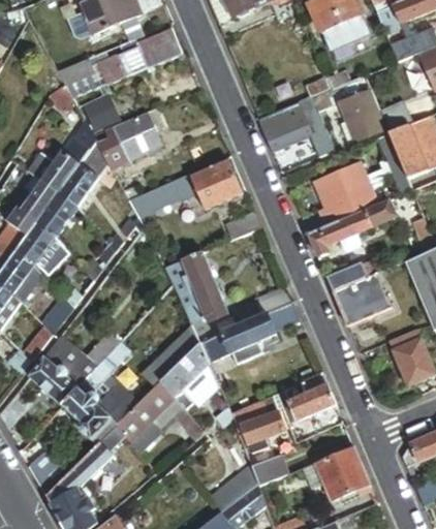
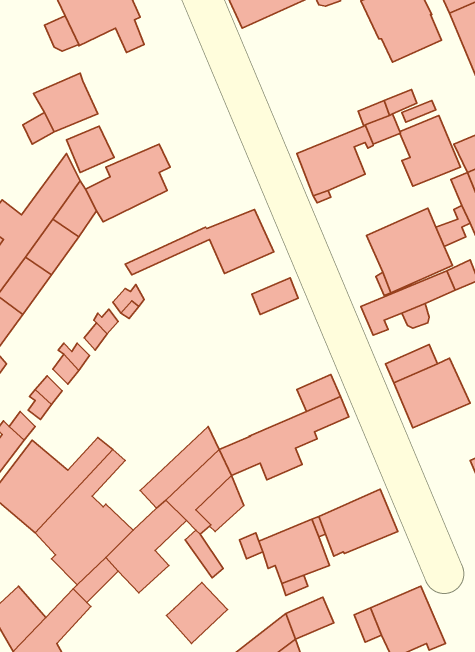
building: [98,31,183,88] -> none
building: [165,252,228,323] -> none
building: none -> [166,583,228,644]

